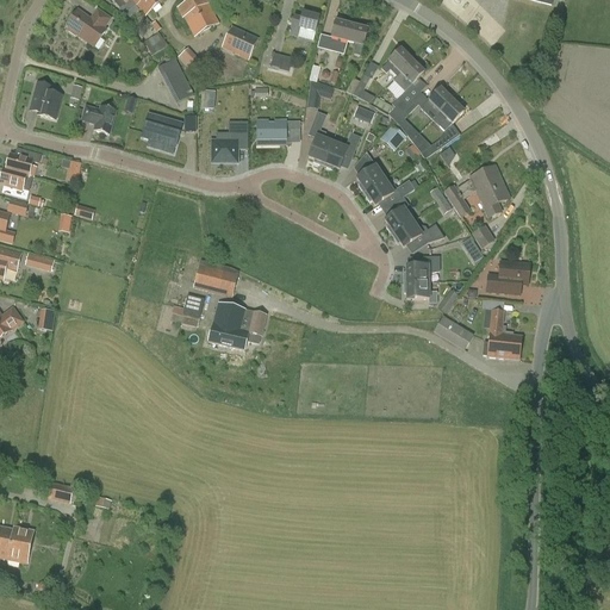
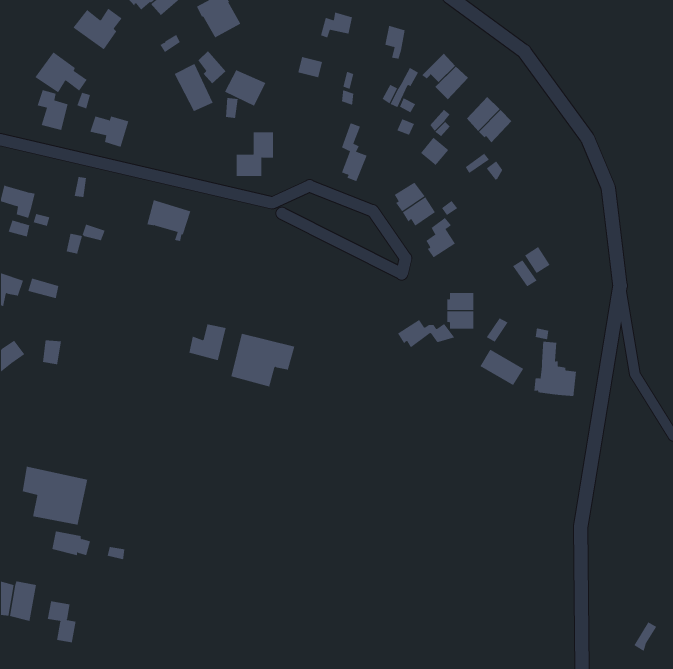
building: [317,19,351,52] -> none
building: [222,25,260,58] -> [224,70,266,106]
building: none -> [35,52,88,93]
building: [142,113,182,151] -> [147,199,191,242]
building: [257,118,291,143] -> none
building: [323,132,360,169] -> none
building: [6,150,41,175] -> none
building: [443,166,509,217] -> none
building: [392,220,444,247] -> [397,319,455,348]
building: [193,261,238,297] -> none
building: [486,261,529,292] -> none
building: none -> [22,466,88,526]
building: none -> [47,600,76,643]

